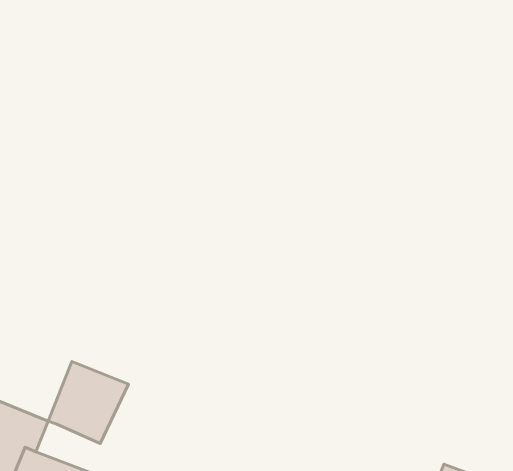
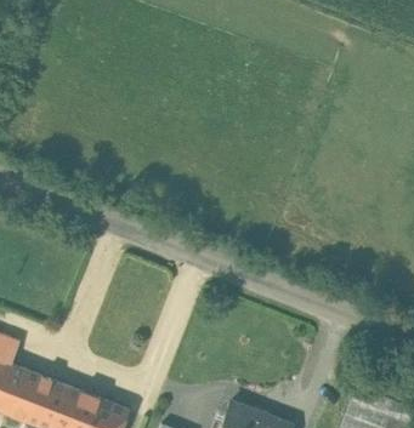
building: [48,361,128,443] -> none

